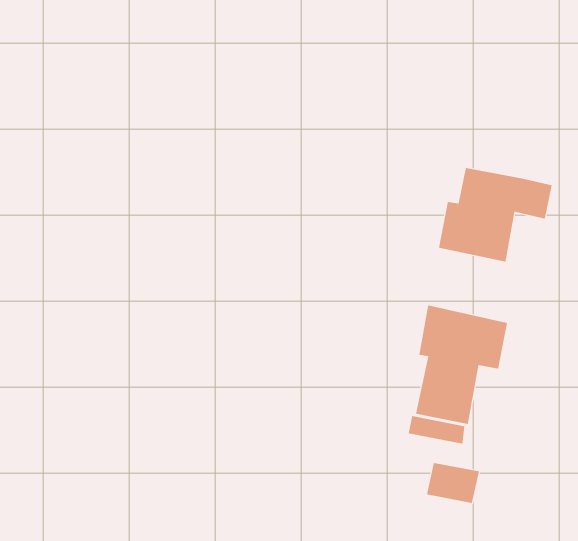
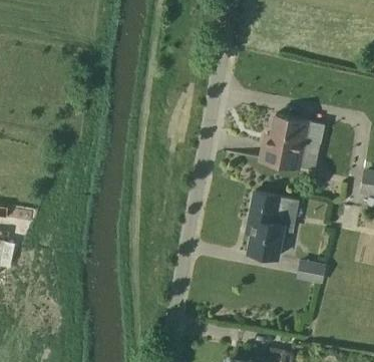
building: [426,462,480,503] -> [297,262,327,285]

